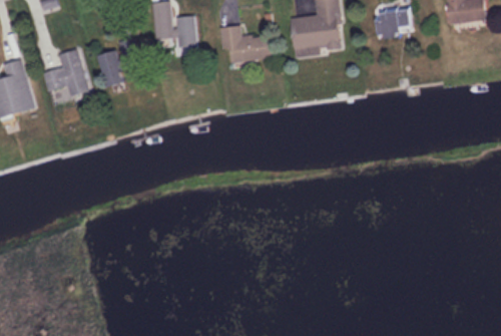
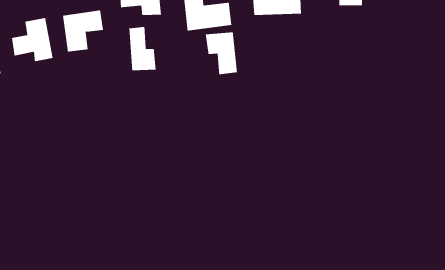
building: none -> [129,26,156,71]
building: none -> [205,32,238,75]

